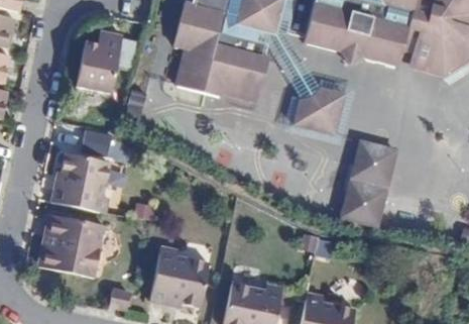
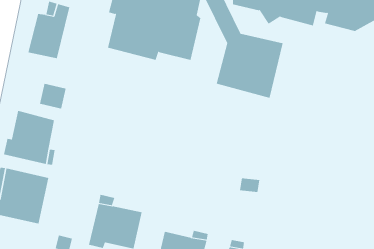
building: [349,129,406,217] -> none

